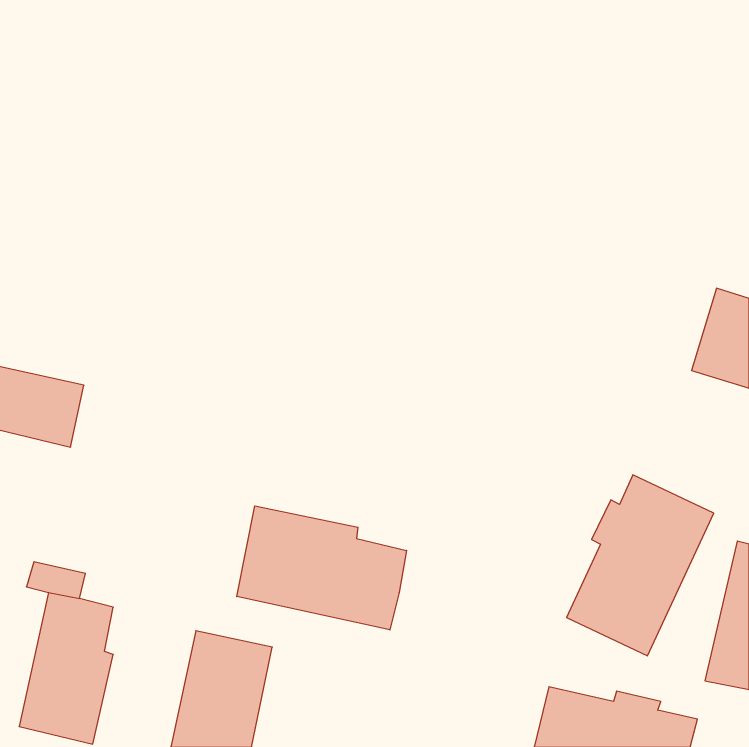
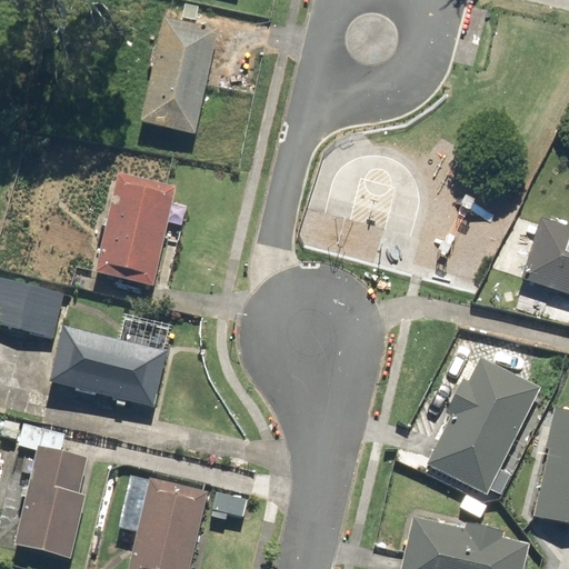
building: none -> [140,13,217,133]
building: none -> [92,173,178,287]
building: none -> [48,315,173,406]
building: [237,506,407,630] -> none

